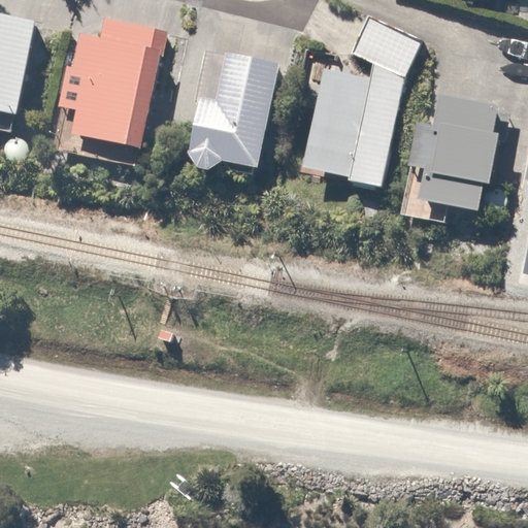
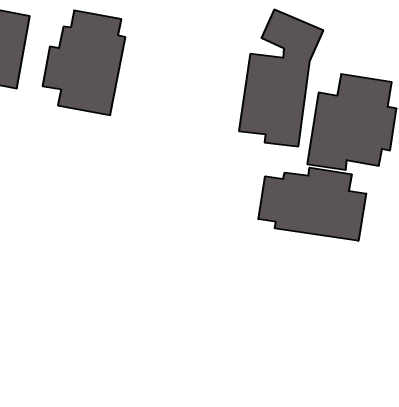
building: [178,47,283,170] -> none
building: none -> [258,168,366,241]

